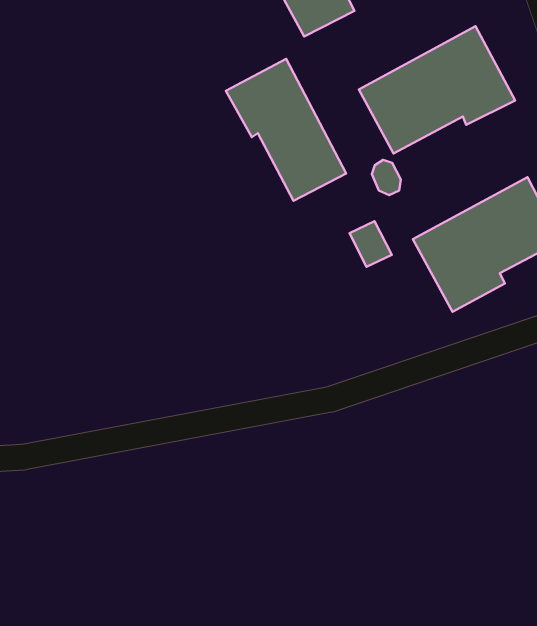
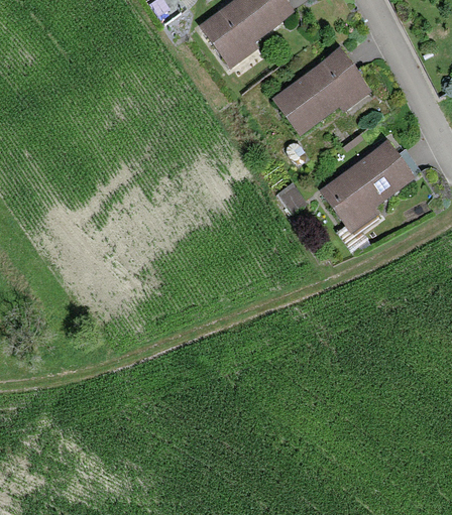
building: [226,59,346,201] -> none

